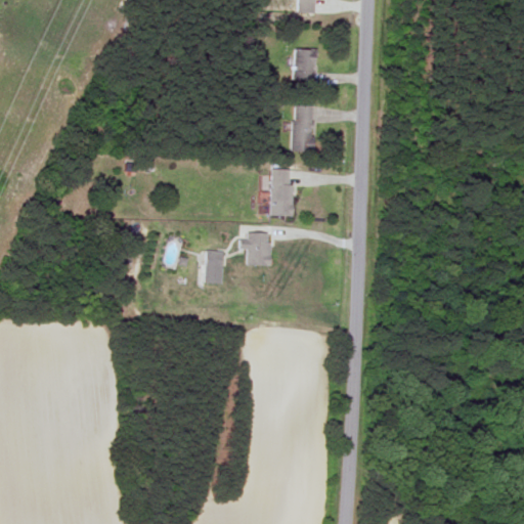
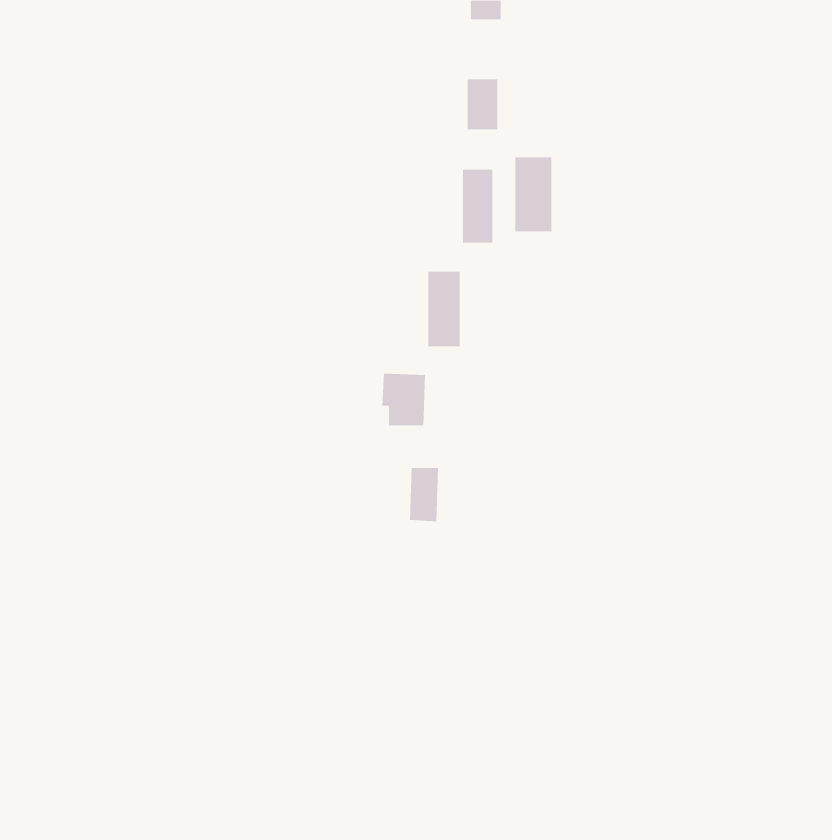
building: none -> [515,156,552,232]
building: [208,250,226,283] -> [409,467,439,522]

